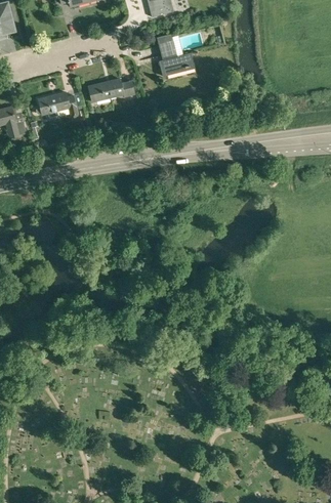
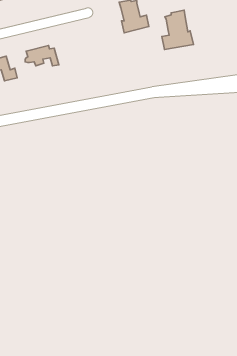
building: none -> [162,10,193,49]
building: [88,78,134,101] -> none

